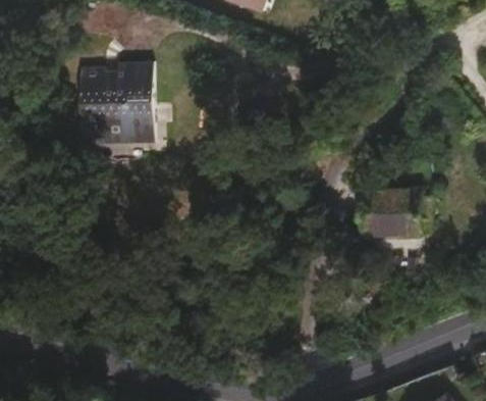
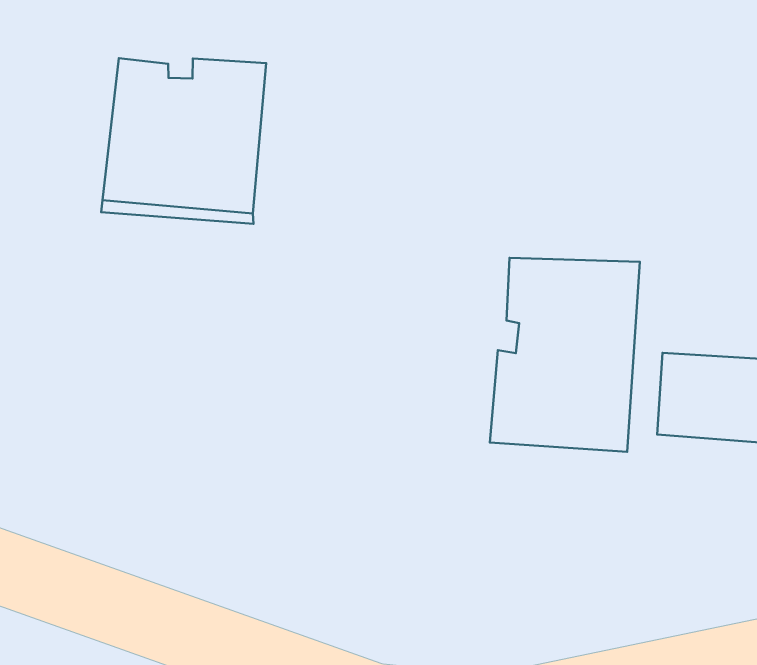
building: none -> [490,258,640,452]

